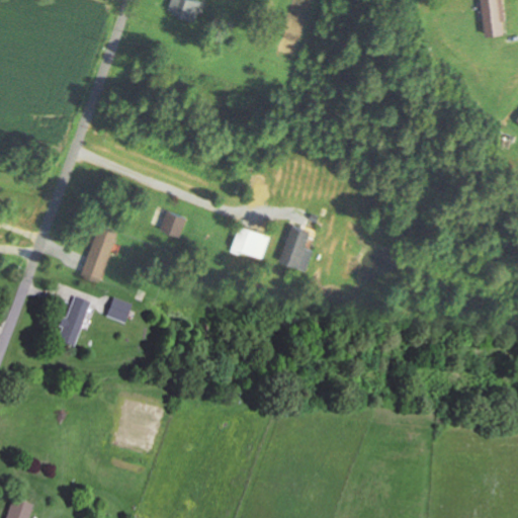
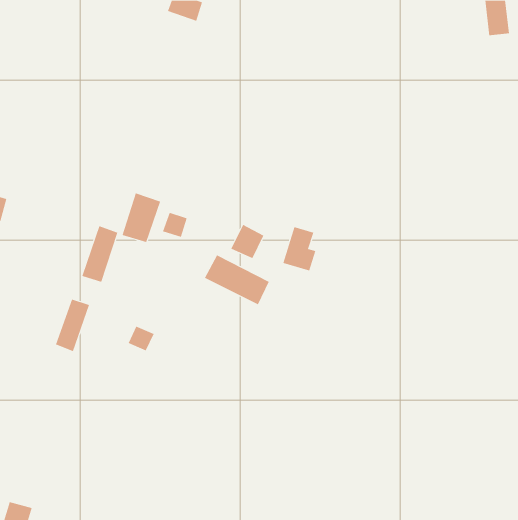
building: none -> [122,192,161,243]
building: none -> [204,254,269,305]
building: [105,299,132,325] -> [128,326,154,351]

